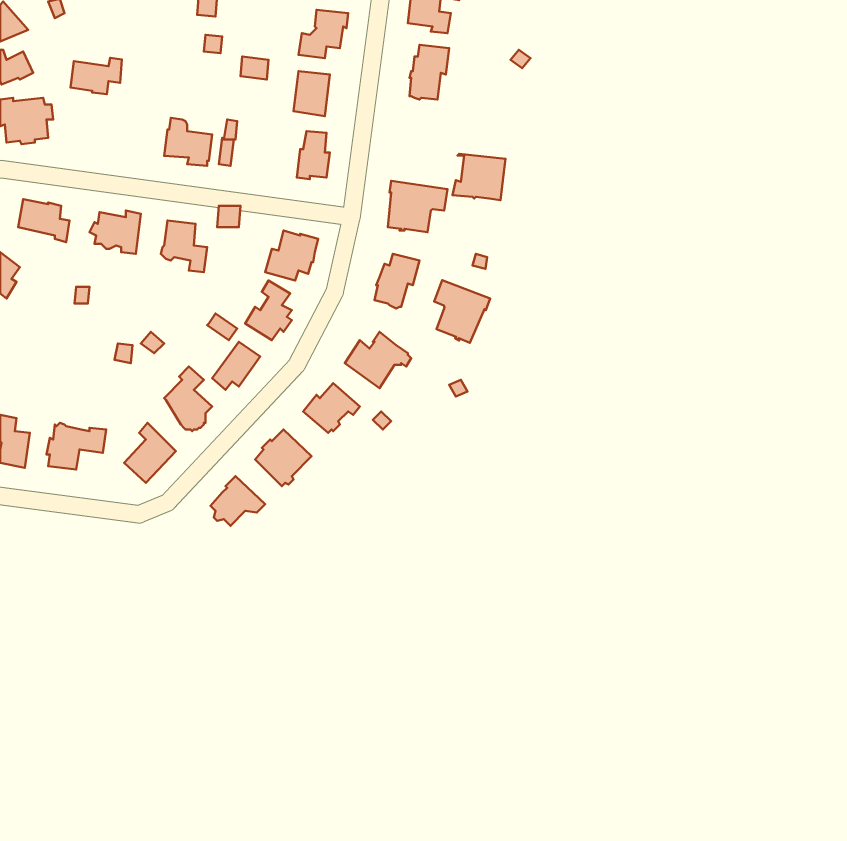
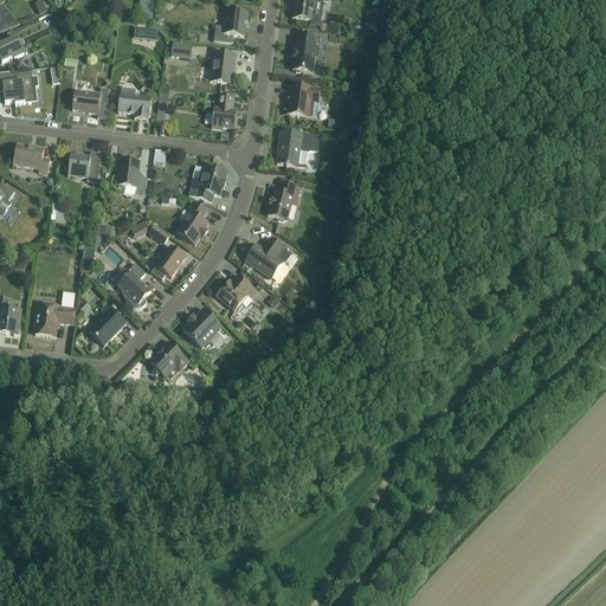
building: [71,58,122,94] -> [72,86,109,112]
building: [453,154,506,200] -> [282,83,320,116]
building: [434,280,490,343] -> none

